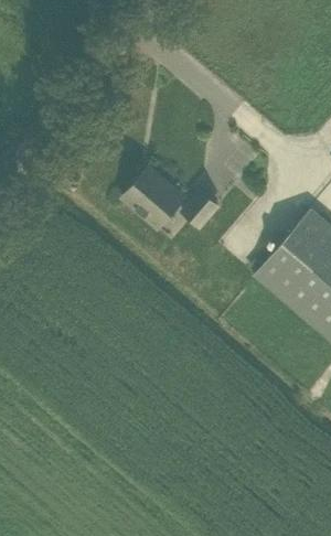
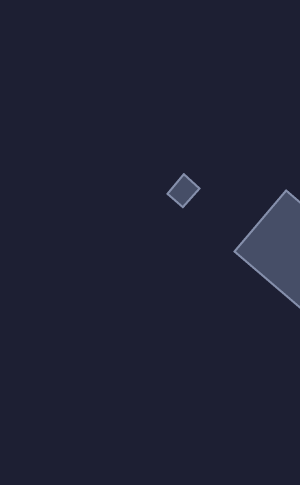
building: [121,167,182,227] -> none

